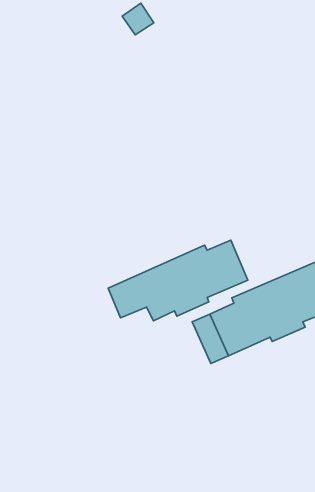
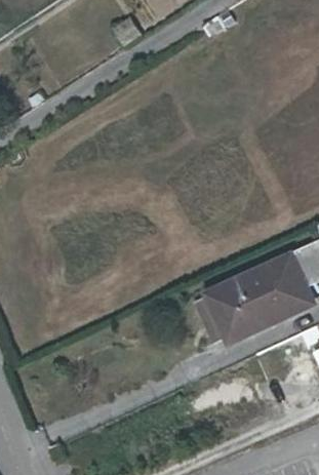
building: [108,240,248,321] -> none

